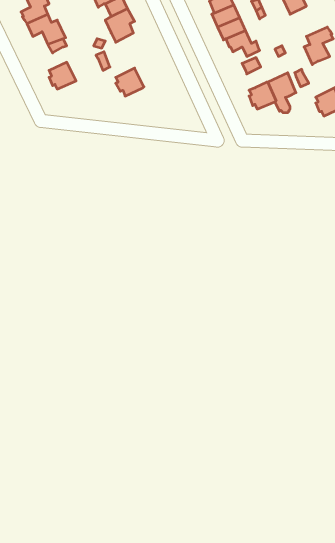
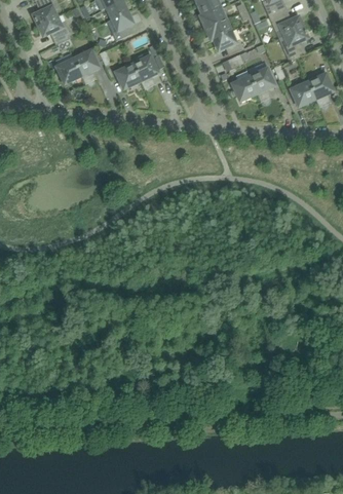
building: none -> [269,7,302,34]
building: none -> [73,48,99,83]
building: none -> [132,53,157,88]

